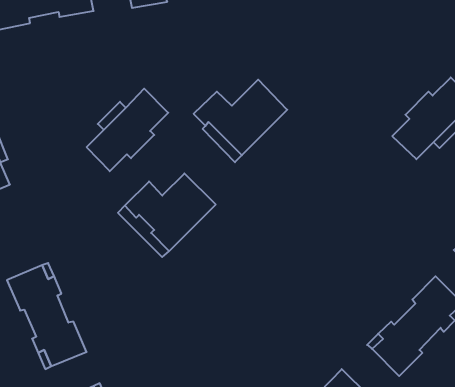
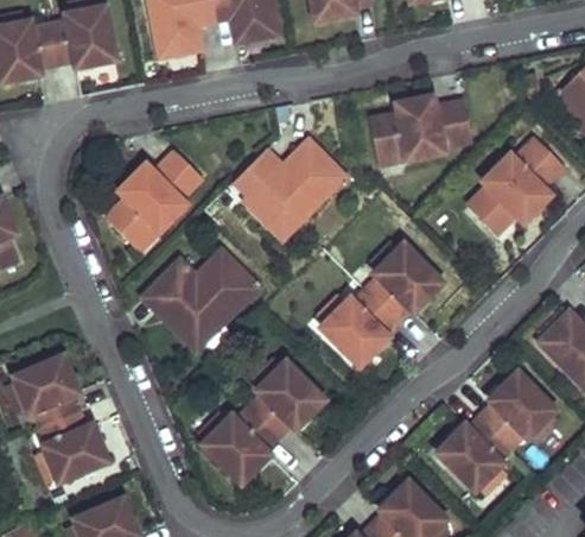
building: none -> [369,101,471,159]
building: none -> [320,245,441,365]
building: none -> [203,361,324,482]

